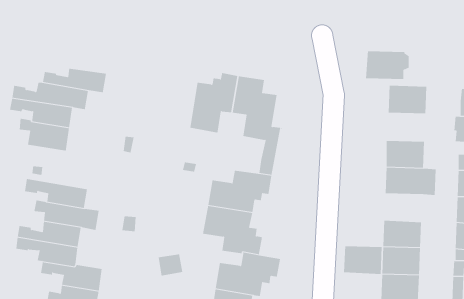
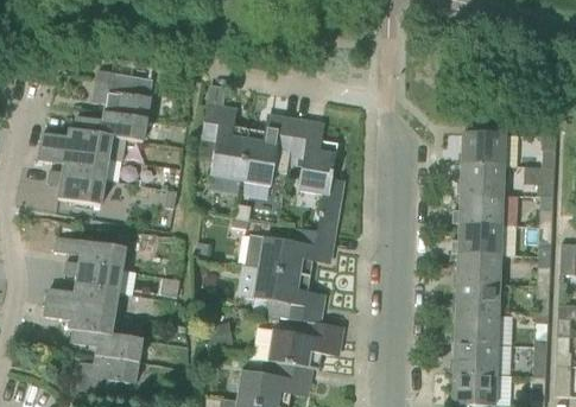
building: none -> [93,69,153,119]
building: [365,51,410,80] -> [460,163,509,195]
building: none -> [196,103,248,195]
building: [343,246,383,274] -> [457,253,501,285]

